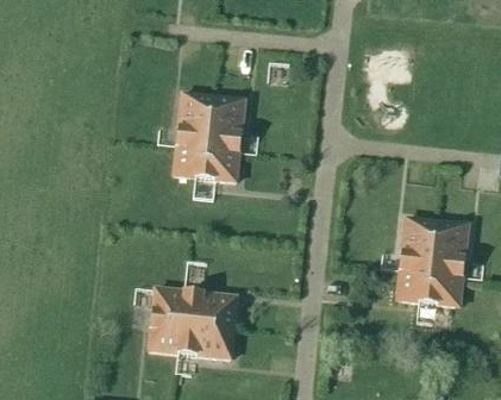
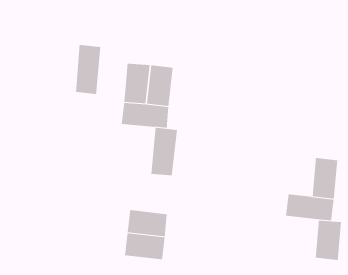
building: none -> [75,44,101,95]
building: [400,218,437,273] -> [315,220,342,261]
building: [149,287,186,352] -> [150,127,178,176]

